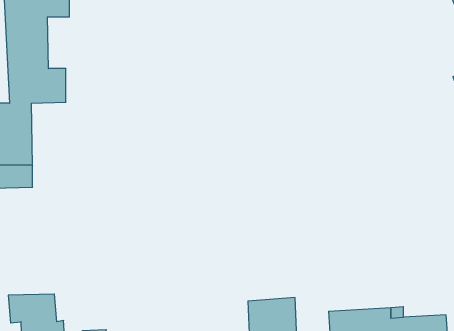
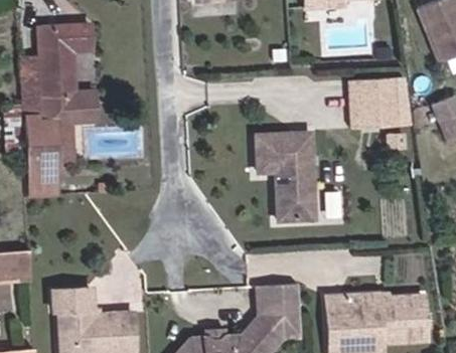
building: none -> [362,77,401,123]
building: none -> [257,130,312,221]

